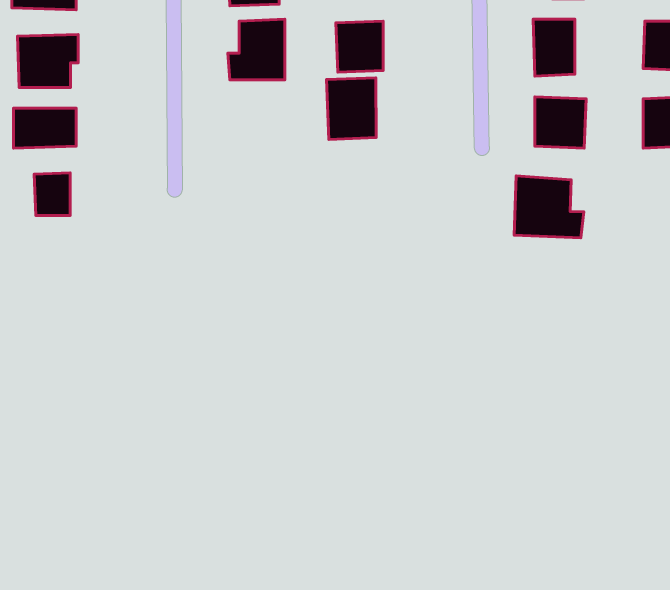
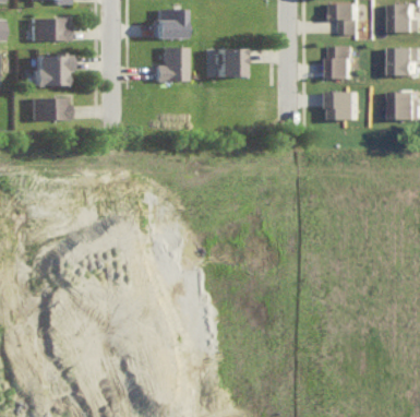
building: [327,78,376,140] -> none
building: [34,173,70,216] -> none
building: [514,176,584,238] -> none

